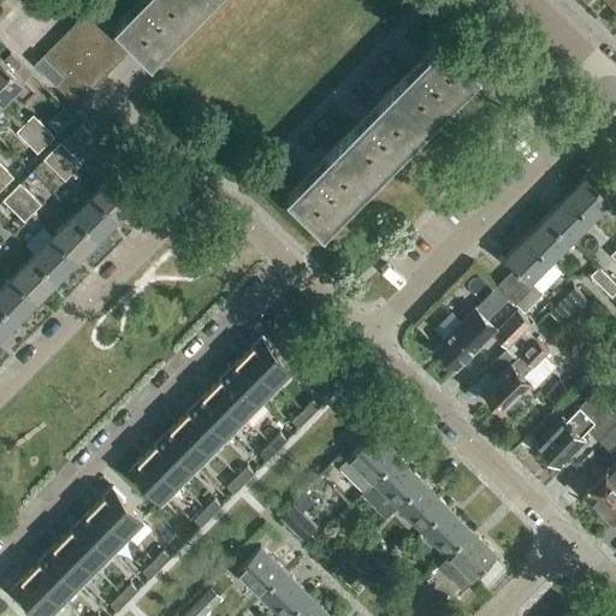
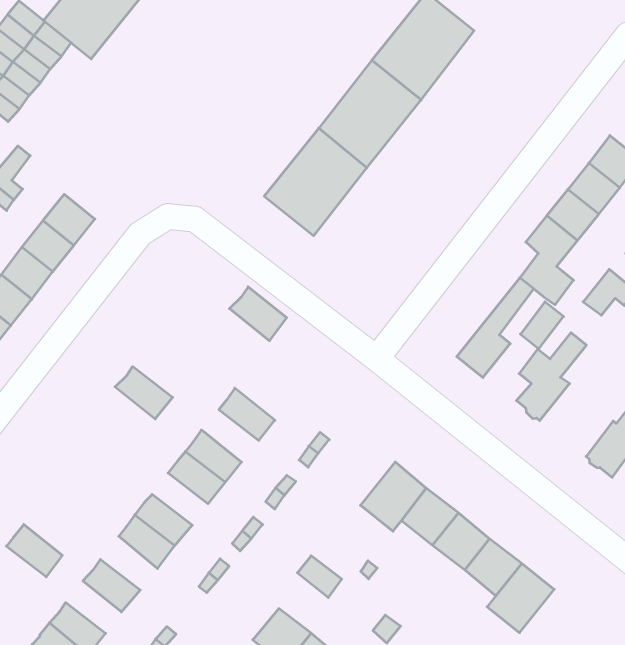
building: [244,342,292,390] -> [229,287,287,341]
building: [212,375,260,422] -> [115,367,173,419]
building: [164,425,211,472] -> none
building: [79,509,126,556] -> [6,524,62,577]

